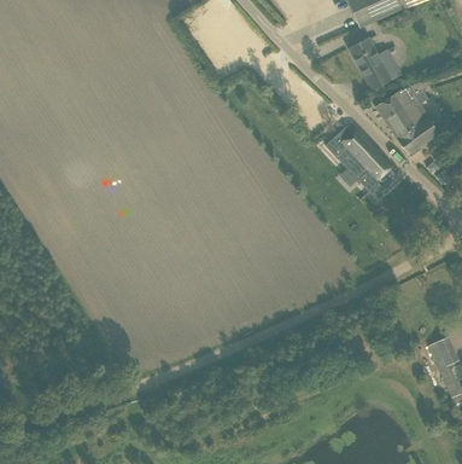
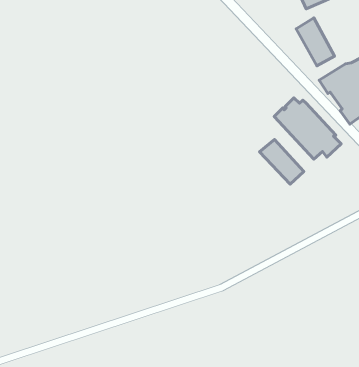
building: none -> [260,140,304,184]

